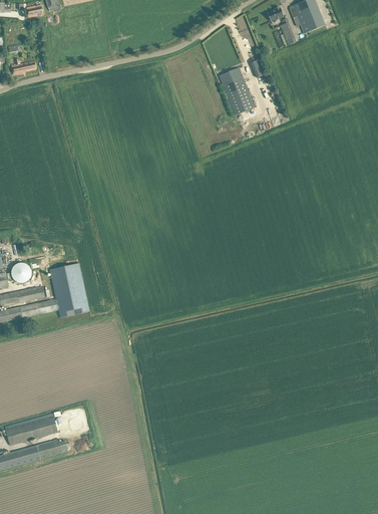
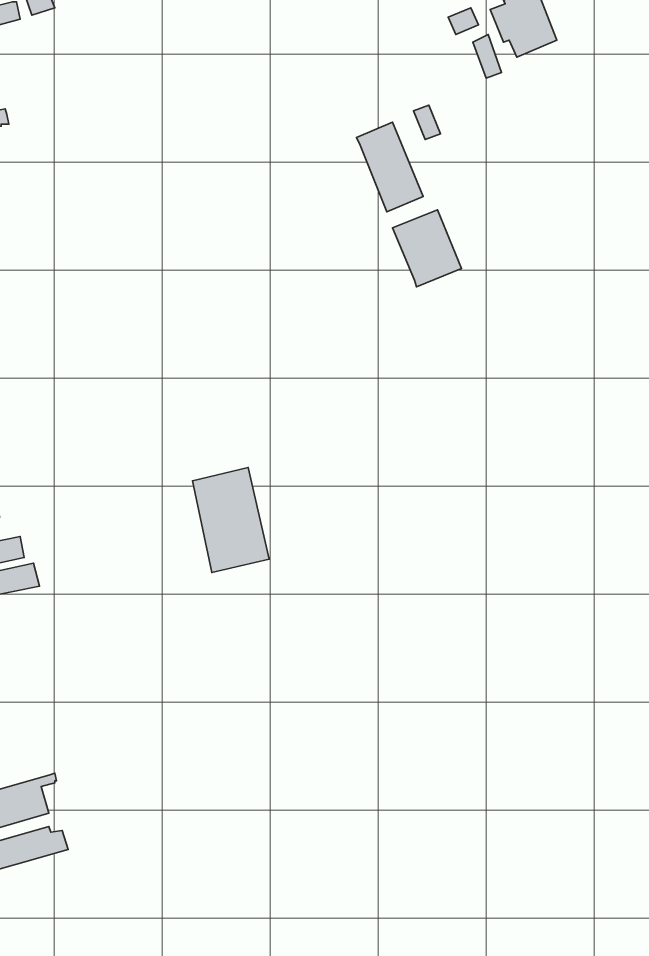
building: none -> [392,210,462,287]
building: [49,262,89,317] -> [193,467,269,572]

